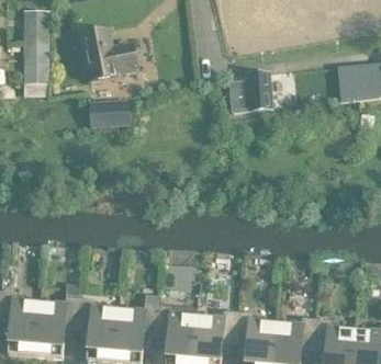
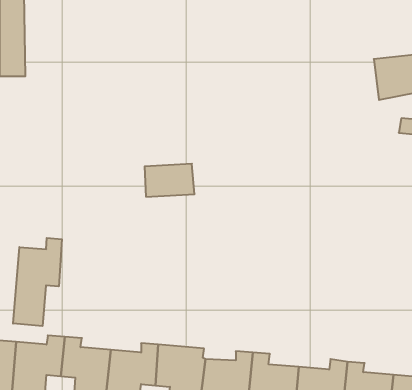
building: [79,29,136,81] -> none
building: [228,72,271,112] -> none
building: [87,100,128,127] -> [145,164,195,197]
building: none -> [13,238,62,326]

